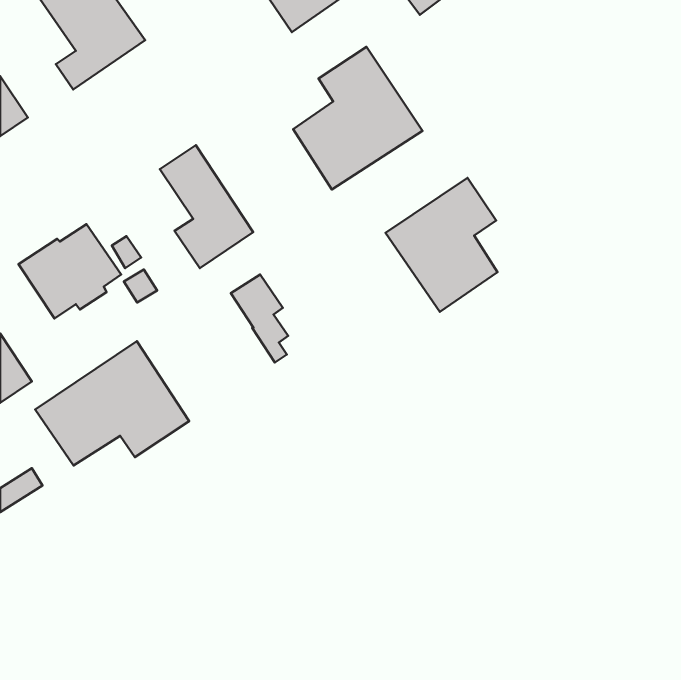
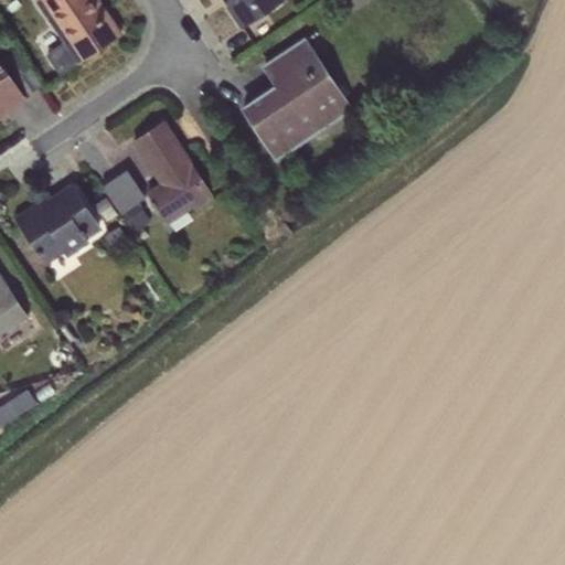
building: [385,178,497,312] -> none
building: [231,275,288,363] -> [102,169,149,242]
building: [35,341,189,465] -> none

